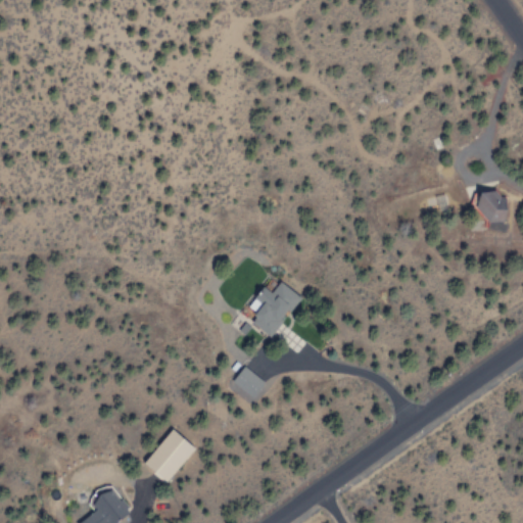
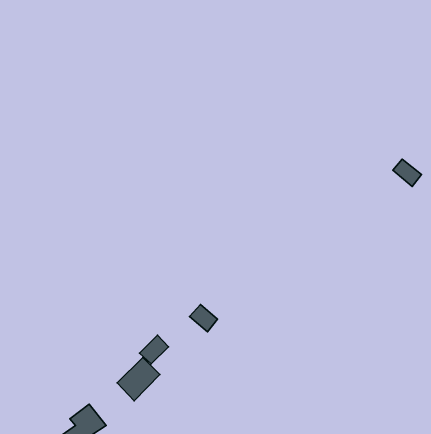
building: [249,284,301,338] -> none
building: none -> [140,335,168,364]

